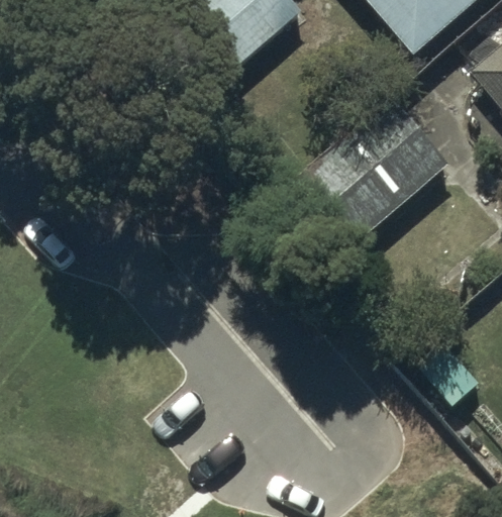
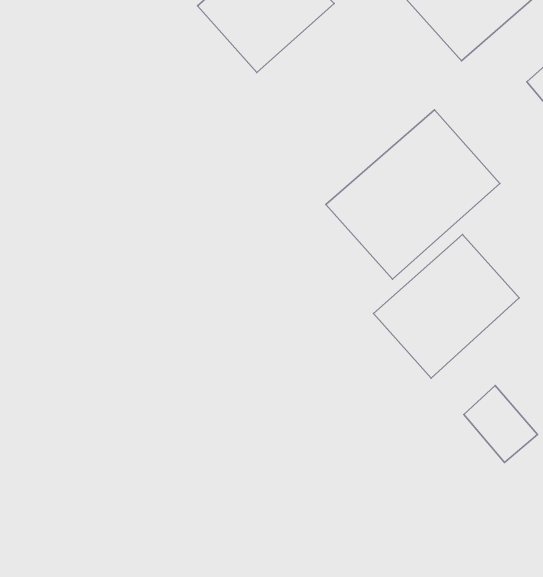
building: none -> [374,234,519,378]

